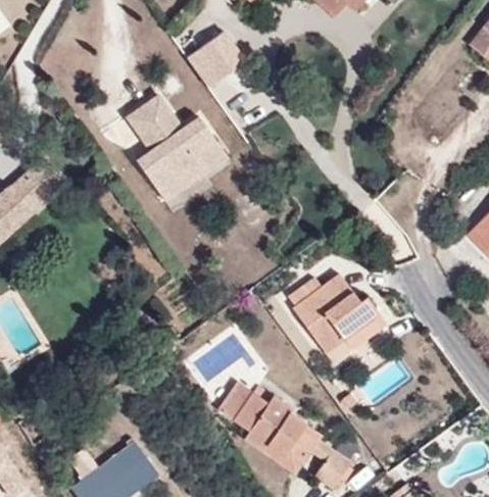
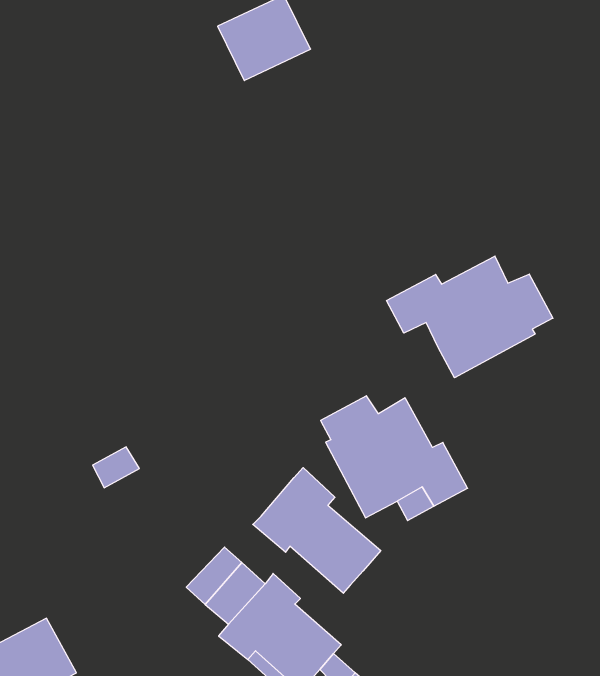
building: [126,92,229,202] -> none
building: none -> [387,256,553,378]
building: none -> [253,468,381,593]

